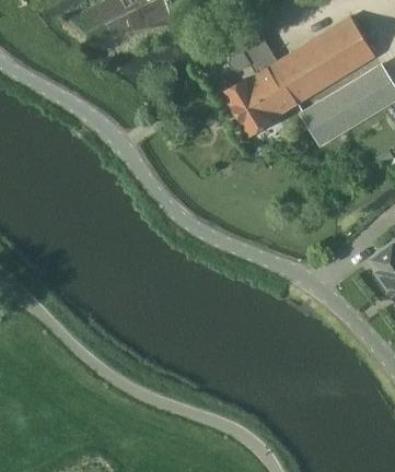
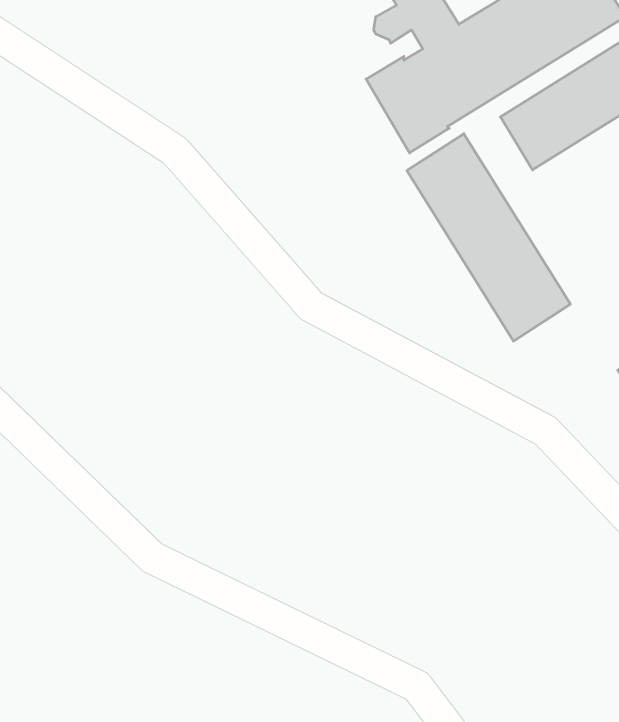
building: none -> [407,134,570,341]

